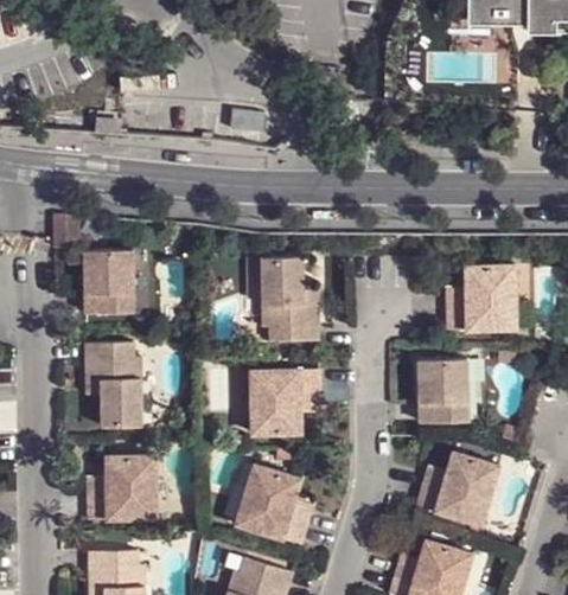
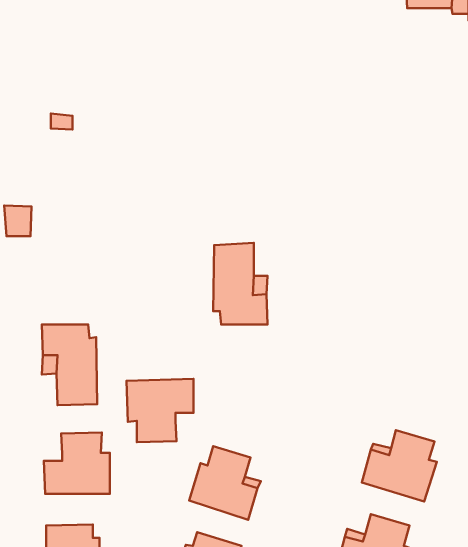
building: [83,247,134,312] -> none
building: [449,268,518,333] -> none
building: [420,362,468,426] -> none
building: [250,369,320,435] -> [127,379,194,442]

